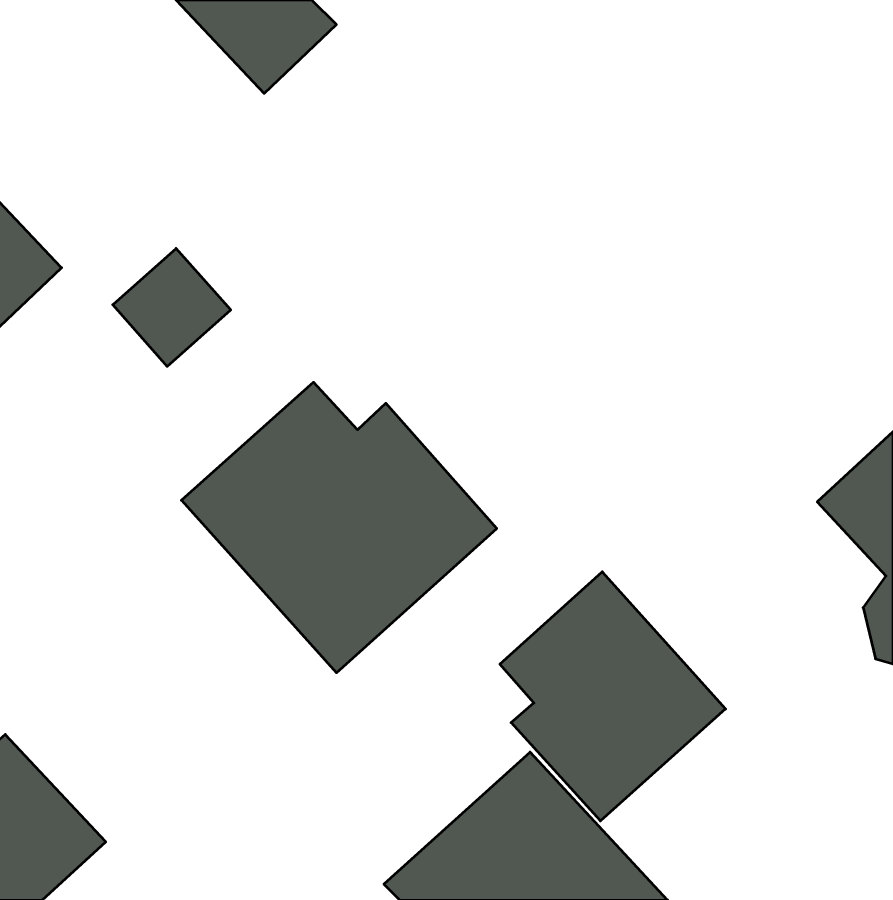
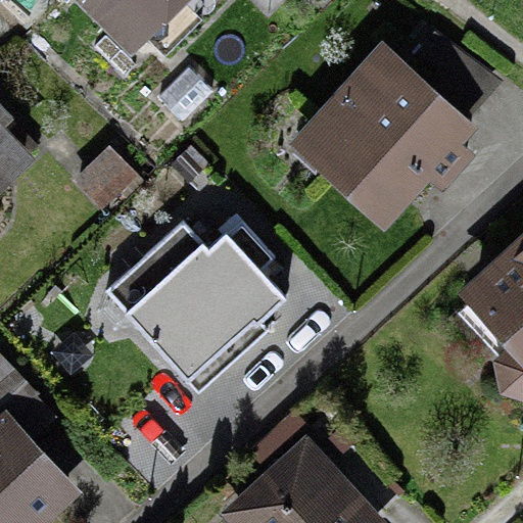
building: none -> [289,41,478,230]
building: [500,572,726,821] -> none

